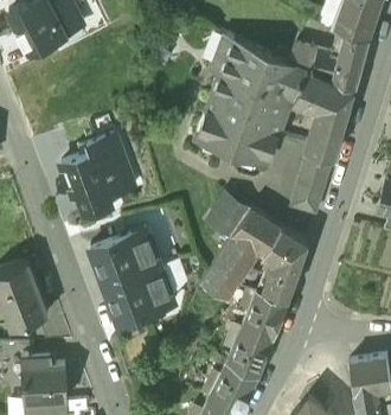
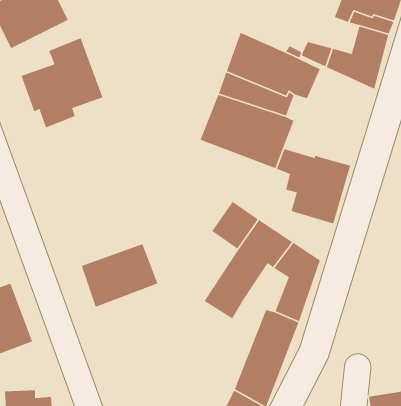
building: [294,70,353,157] -> none
building: [60,130,135,212] -> [21,37,104,128]
building: [103,263,174,321] -> none

